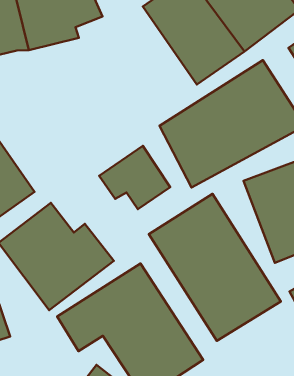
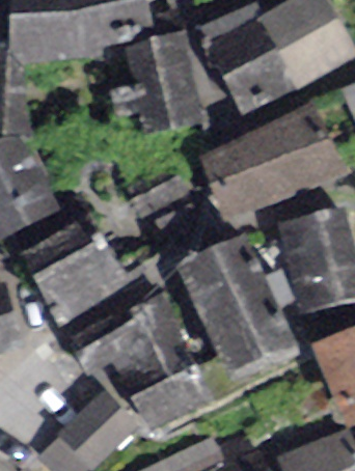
building: none -> [126,29,206,134]

